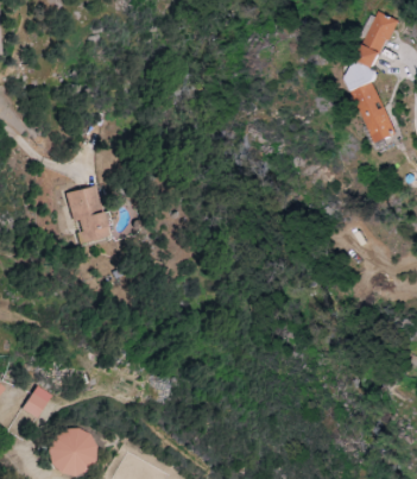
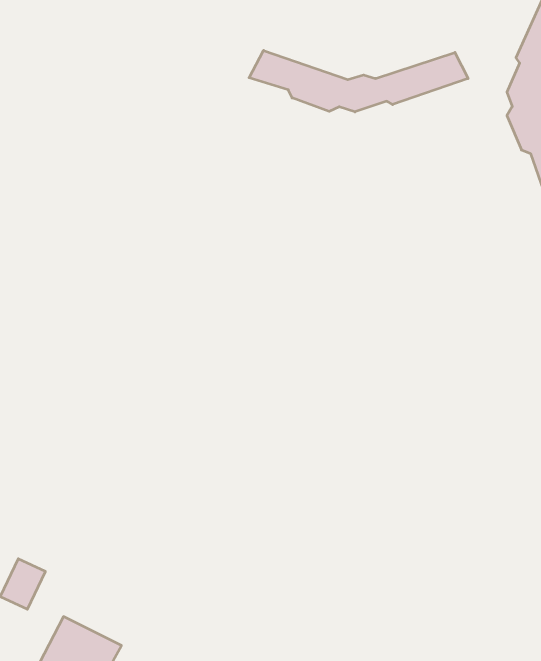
building: none -> [249,50,468,112]
building: [65,185,113,245] -> none

